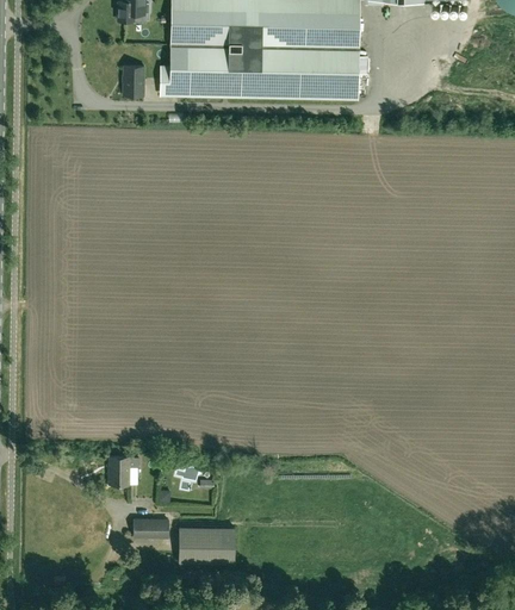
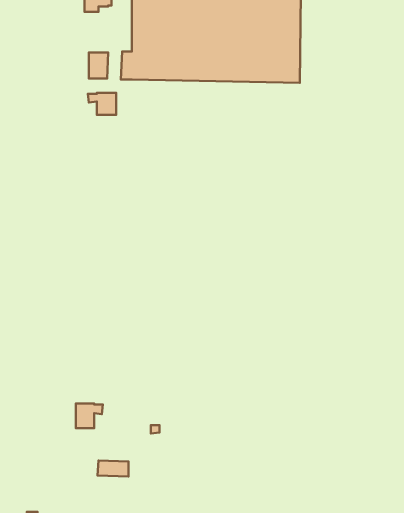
building: none -> [88,93,116,115]
building: [180,527,235,562] -> none

